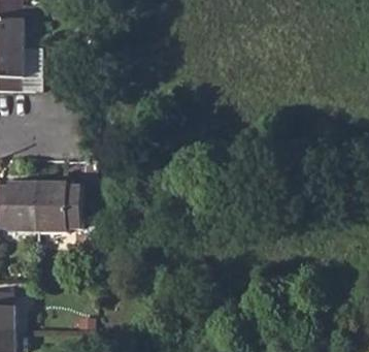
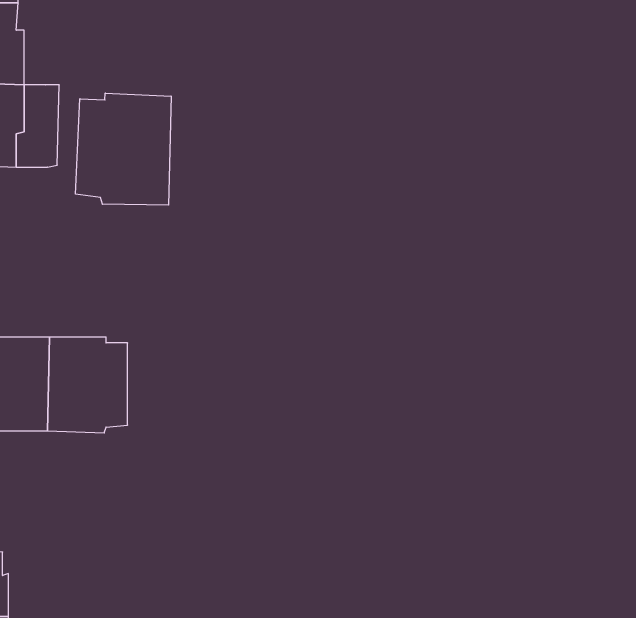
building: none -> [76,93,171,205]

